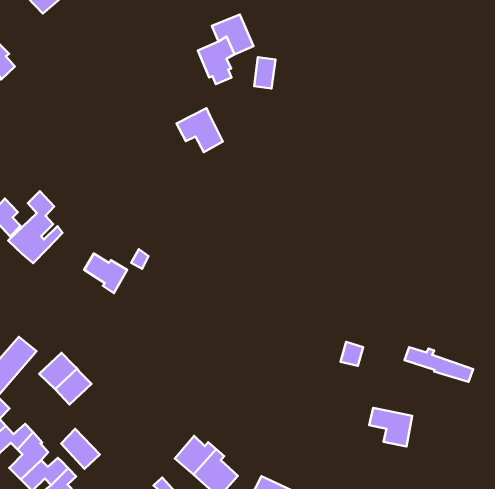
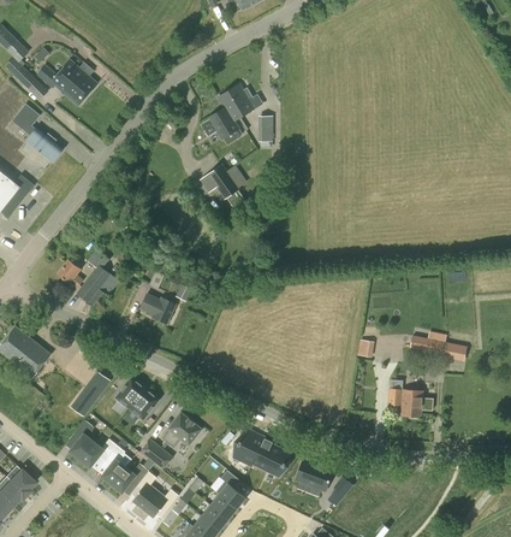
building: none -> [164,412,202,447]

